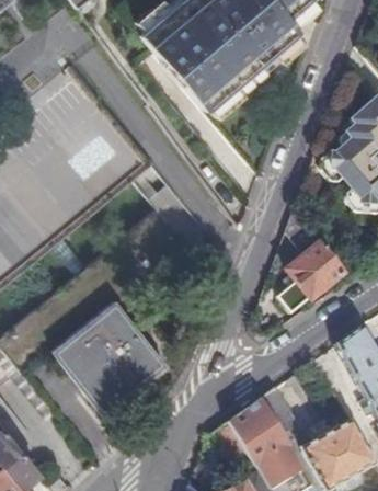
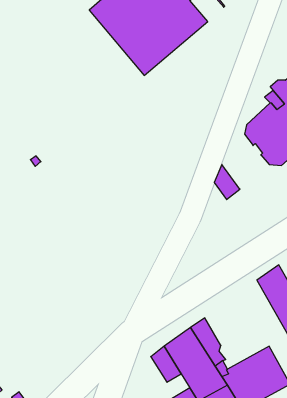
building: [284,244,343,311] -> none
building: [55,298,169,413] -> none

